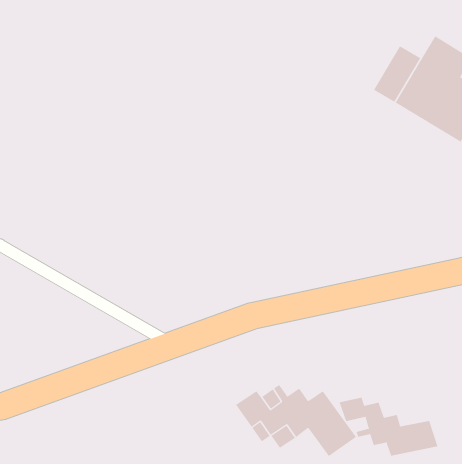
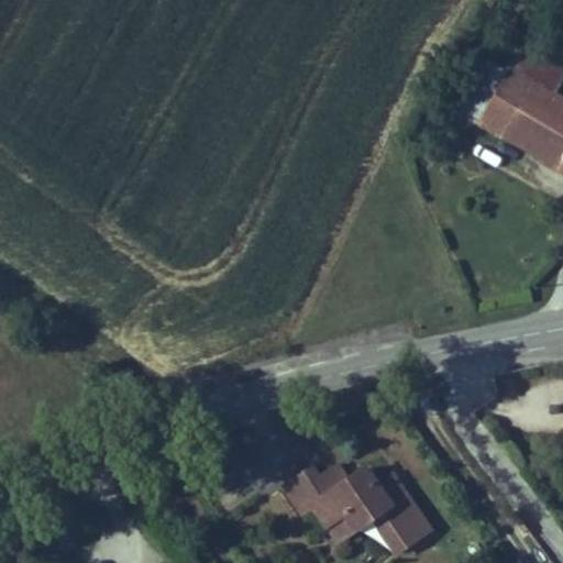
building: [339,397,438,457] -> none

